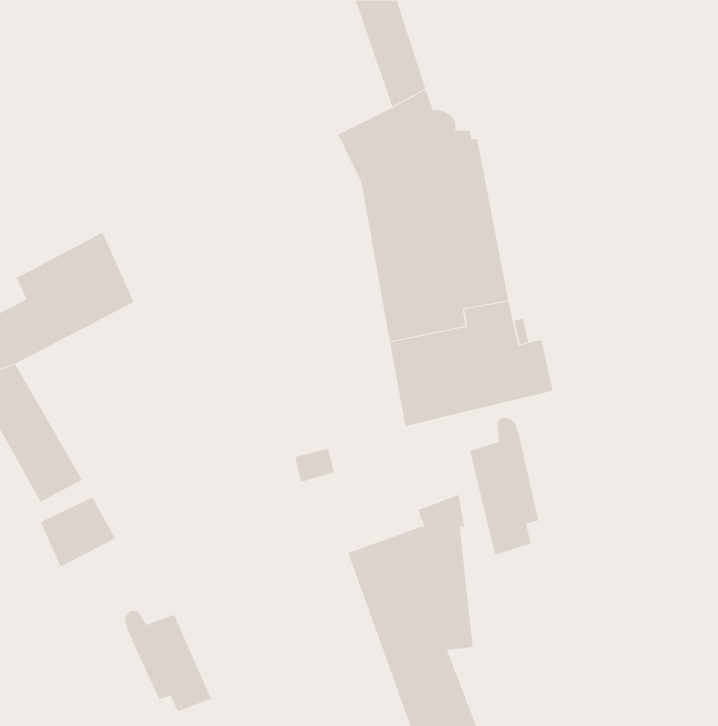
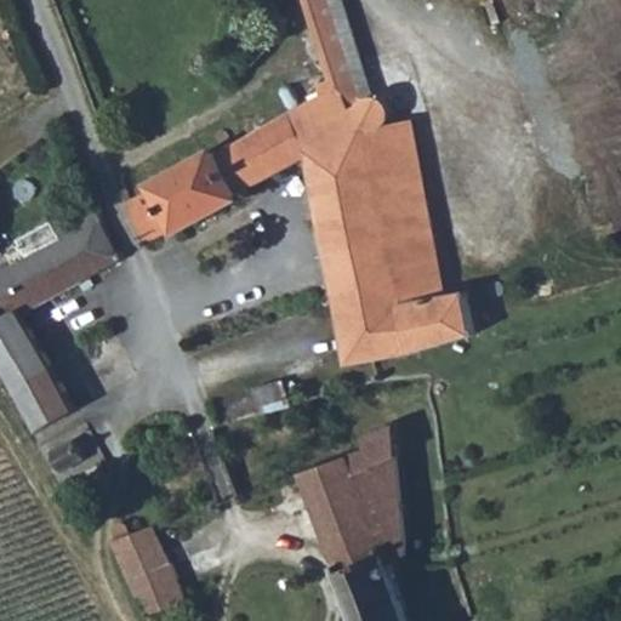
building: none -> [121,119,306,243]
building: [469,417,539,555] -> none

